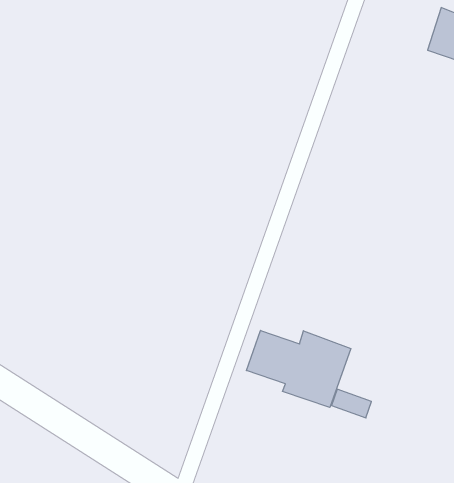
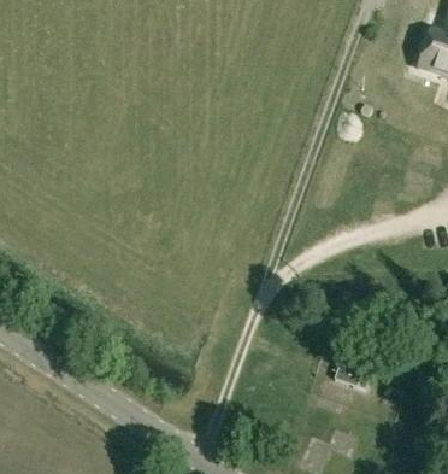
building: [246,330,351,407] -> none

